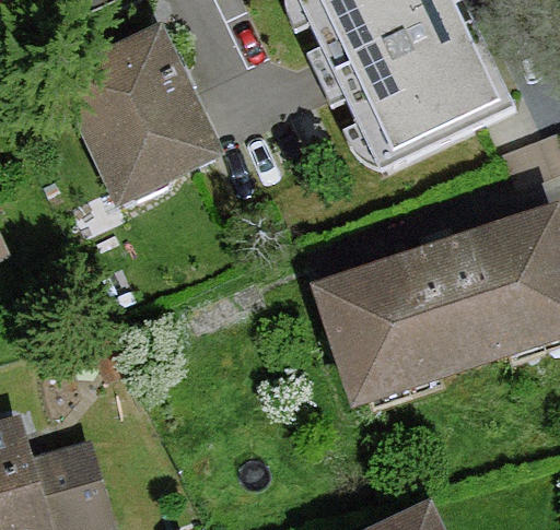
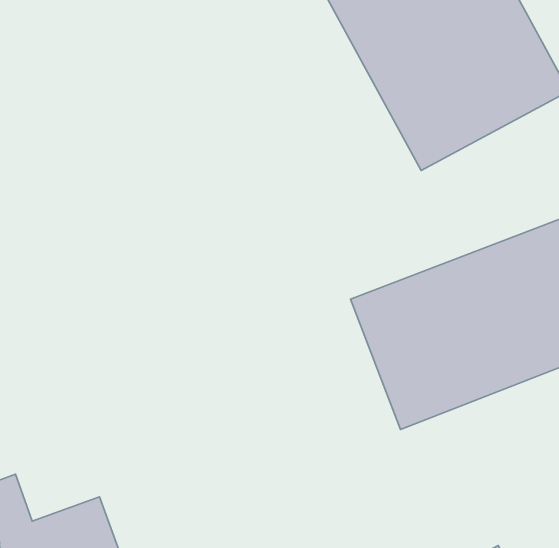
building: [57,23,221,204] -> none

